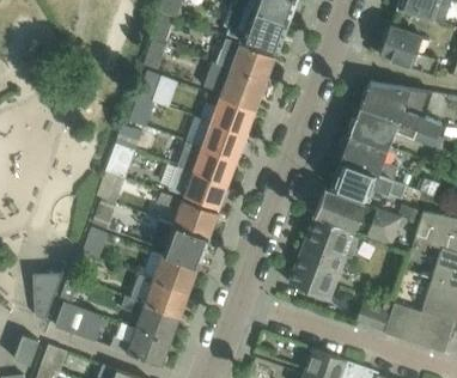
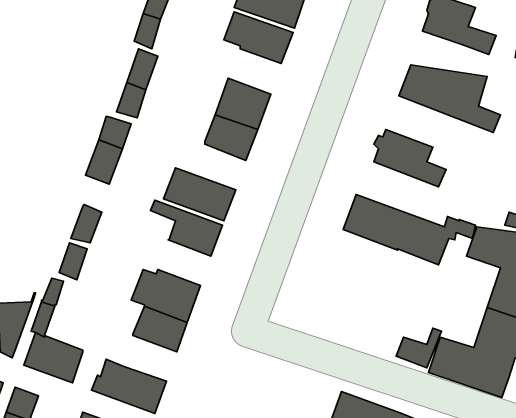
building: [221,69,264,106] -> none
building: [348,108,443,150] -> none
building: [178,140,236,184] -> none
building: [329,161,404,199] -> none
building: [290,217,359,299] -> none
building: [151,219,207,262] -> none
building: [122,294,179,340] -> none

